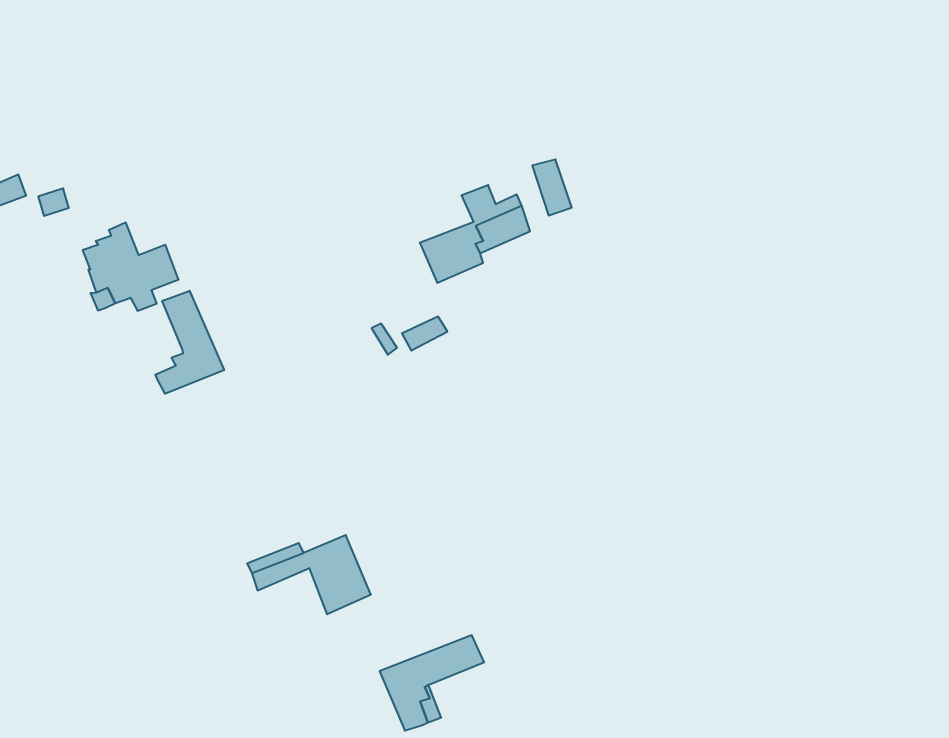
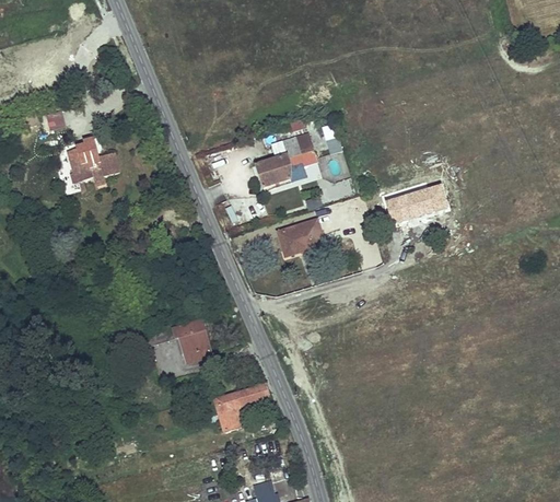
building: none -> [386,186,445,223]
building: [156,291,224,394] -> none
building: none -> [278,219,324,249]

